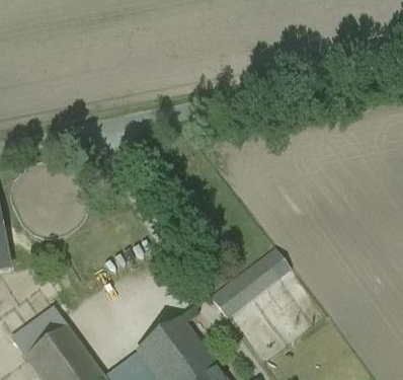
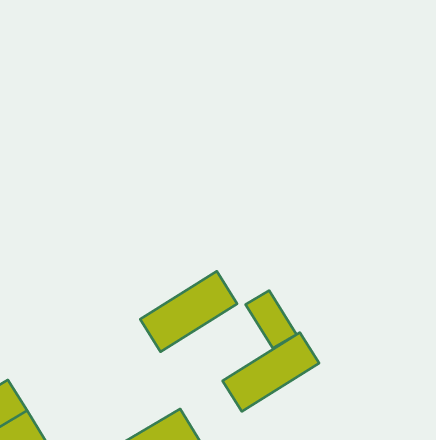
building: none -> [140,271,237,352]
building: none -> [246,291,297,348]

